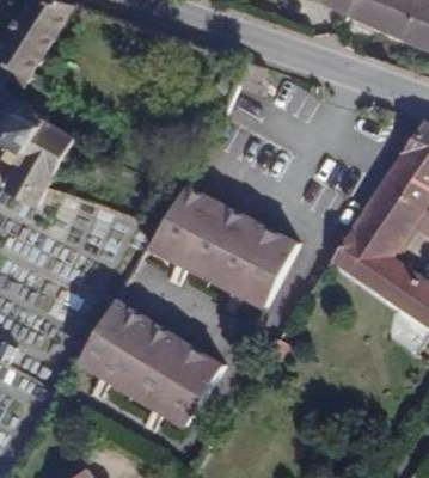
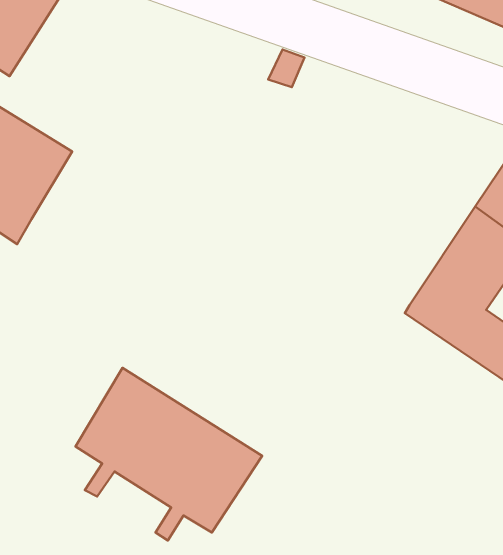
building: [148,184,292,314] -> none

